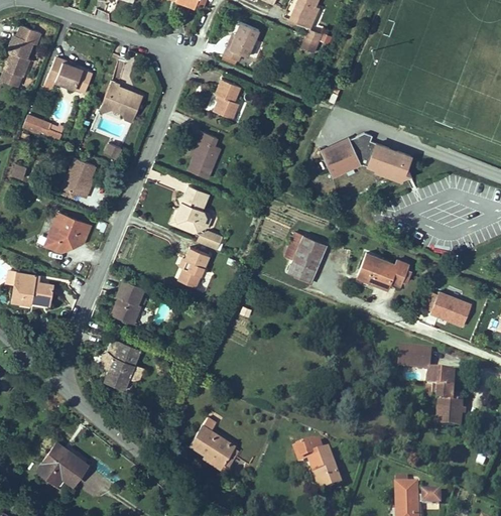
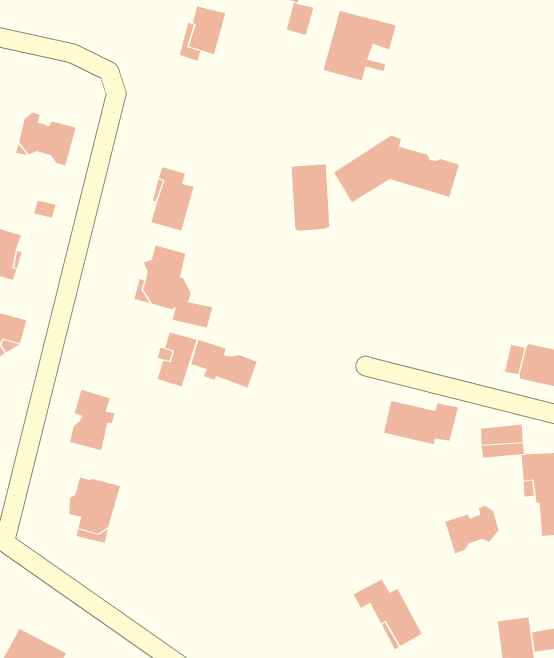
building: none -> [323,10,397,81]
building: [214,80,240,121] -> none
building: none -> [291,164,330,231]
building: [288,235,324,279] -> none
building: [356,252,411,287] -> [383,400,459,445]
building: none -> [190,339,258,388]
building: none -> [444,505,499,554]
building: [189,417,237,472] -> none

